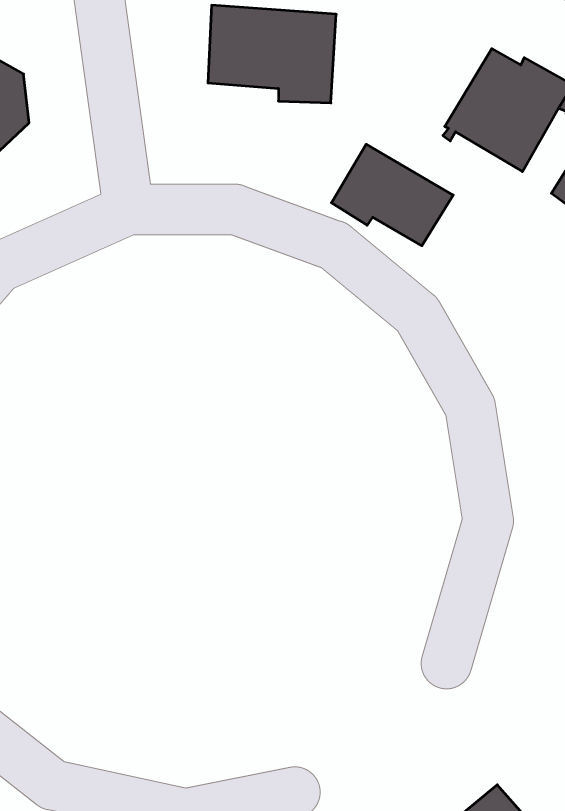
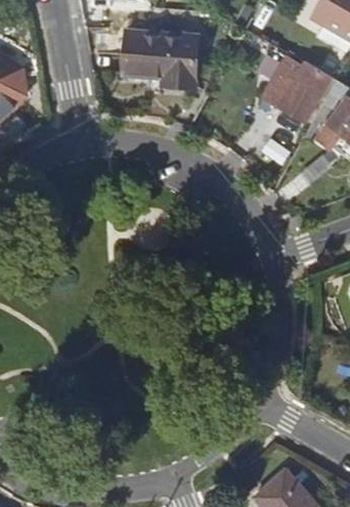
building: [331,144,453,246] -> none

